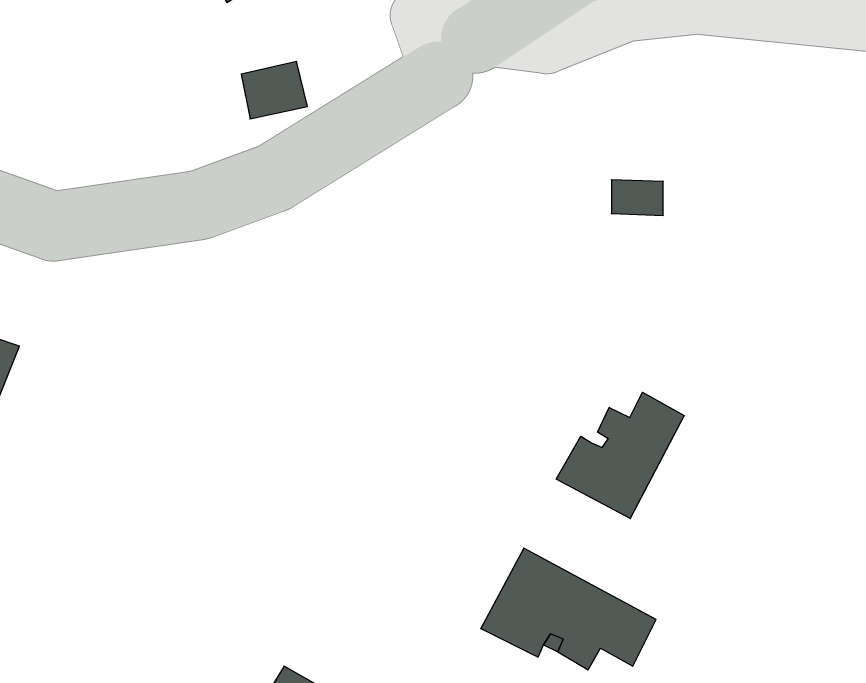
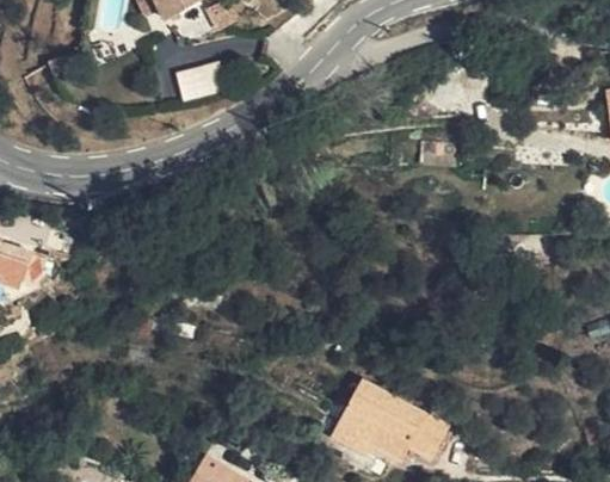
building: [556,392,684,519] -> none

